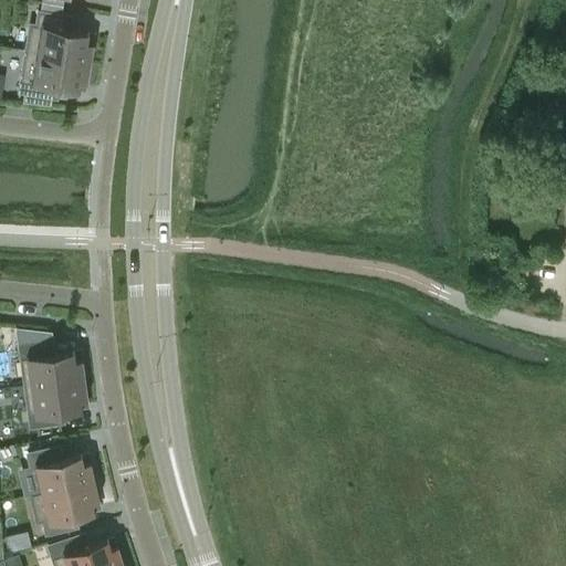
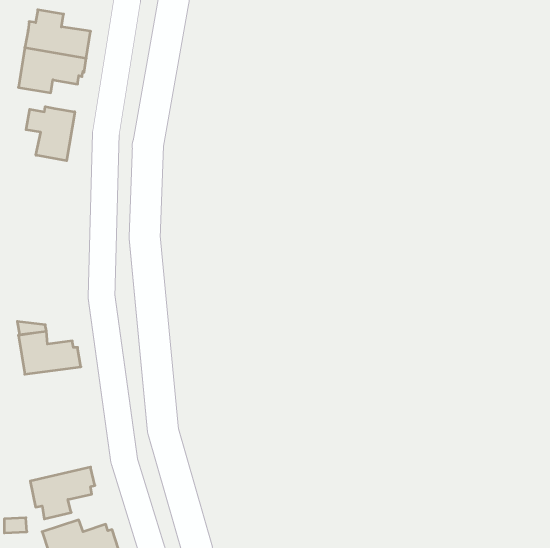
building: none -> [26,107,75,161]
building: [27,379,85,428] -> none
building: [29,449,94,496] -> none

